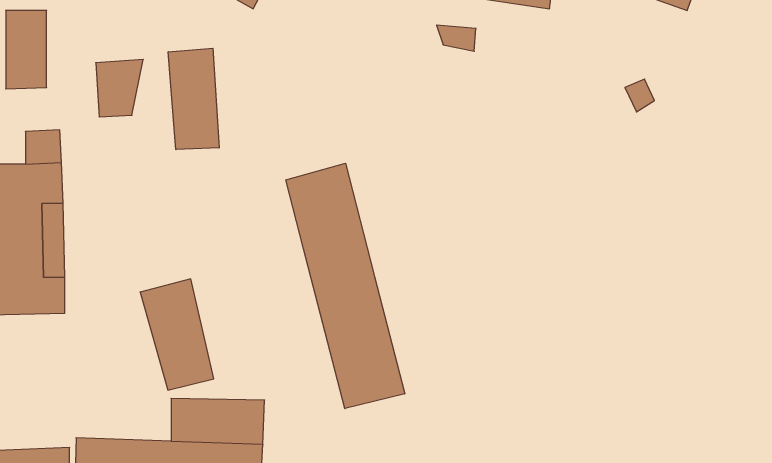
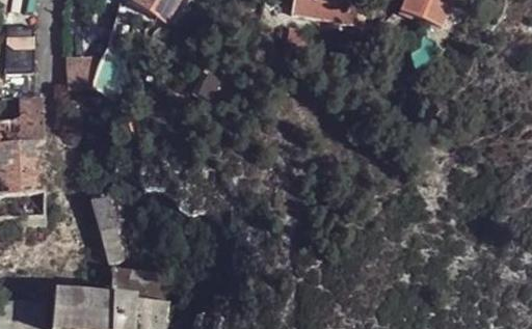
building: [168,48,219,150] -> none
building: [286,163,405,409] -> none

